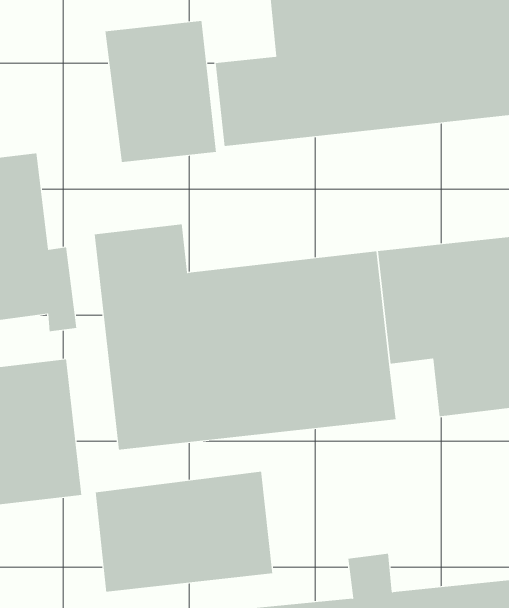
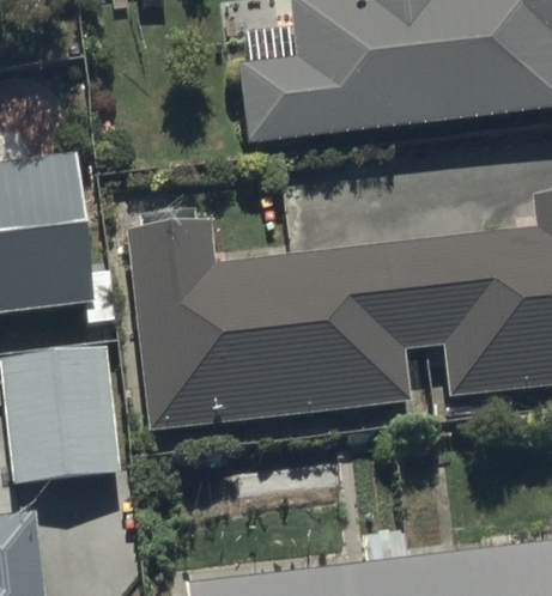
building: [105,20,217,163] -> none
building: [95,471,273,592] -> none

